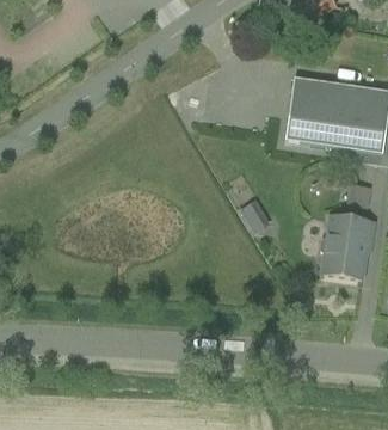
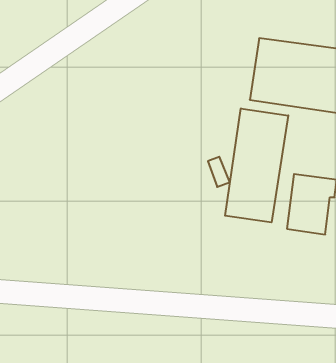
building: none -> [225,108,288,222]

